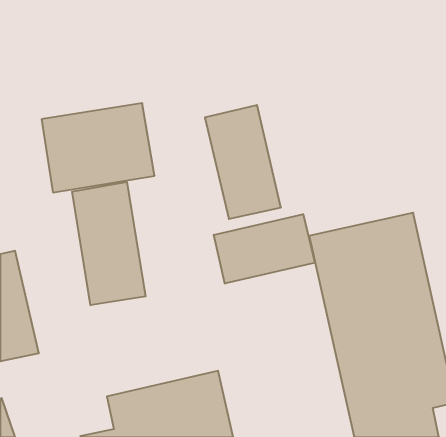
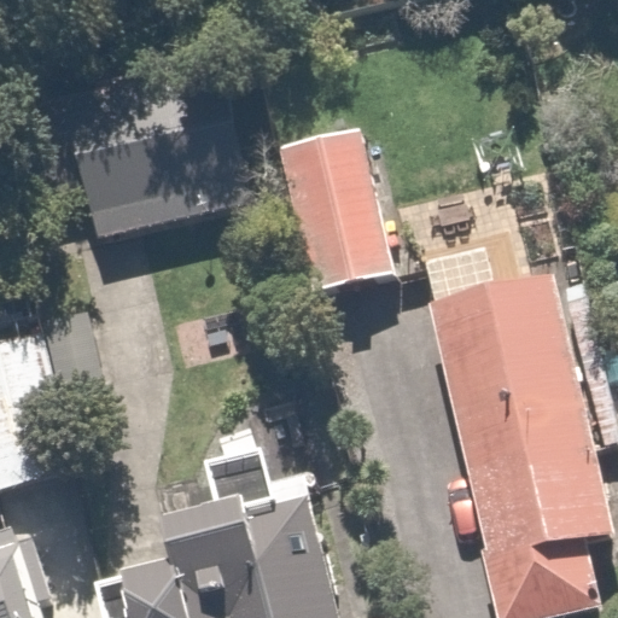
building: [72,182,146,305] -> none
building: [214,214,315,284] -> none

